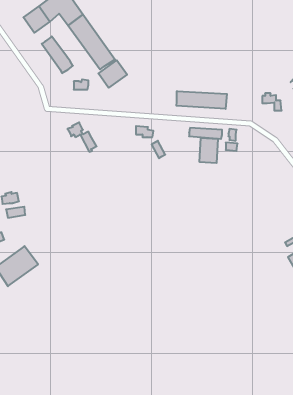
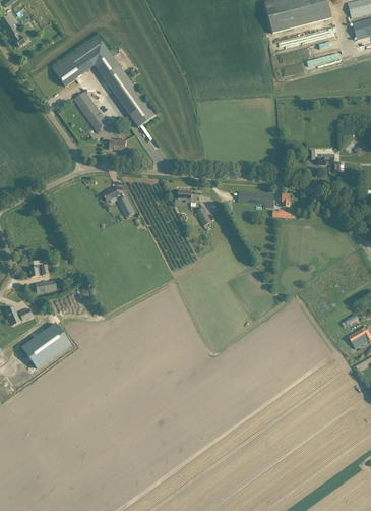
building: [98,60,127,88] -> none
building: [176,91,227,109] -> none
building: [200,138,218,163] -> none

